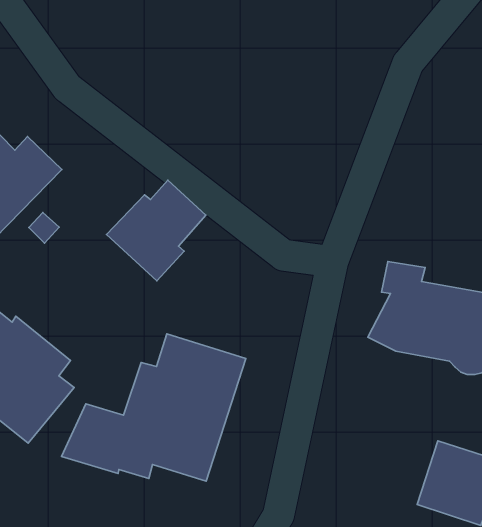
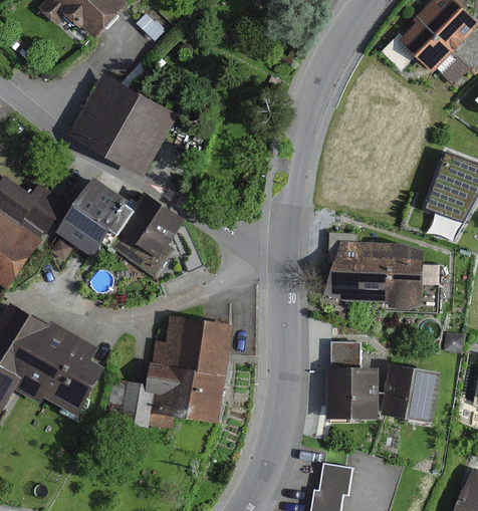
building: none -> [68,72,179,177]
building: none -> [57,177,136,256]
building: none -> [326,341,380,420]

